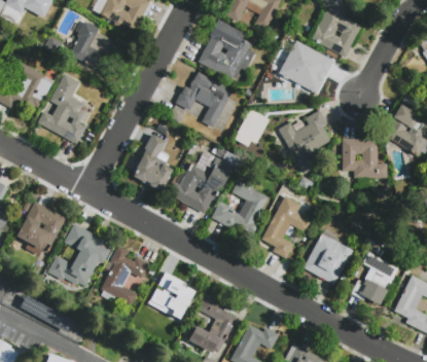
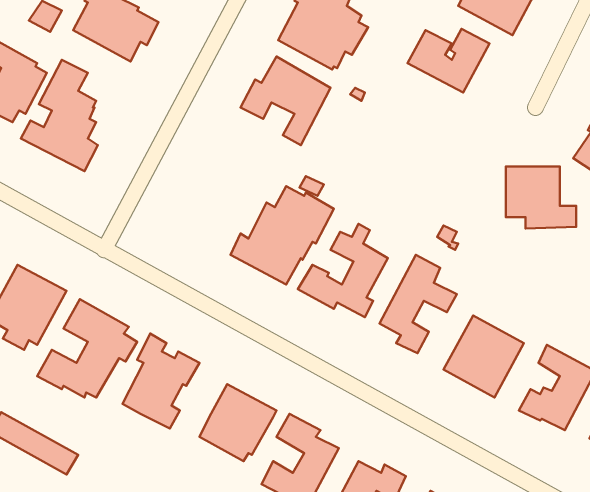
building: [234,109,268,146] -> none
building: [279,110,329,173] -> none
building: [130,133,172,190] -> none

